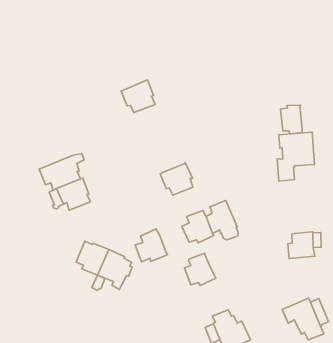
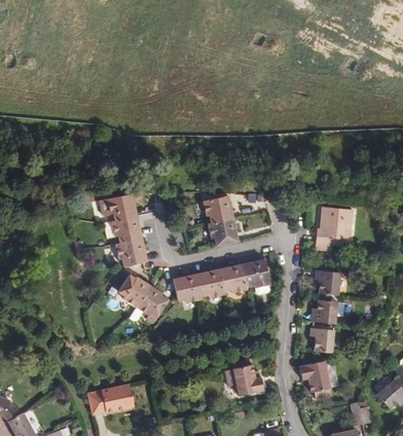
building: [121,80,155,113] -> [203,194,231,222]
building: [281,105,302,134] -> none
building: none -> [316,269,339,294]
building: none -> [115,238,145,265]
building: [185,253,216,286] -> [197,268,224,297]
building: none -> [309,327,333,352]

